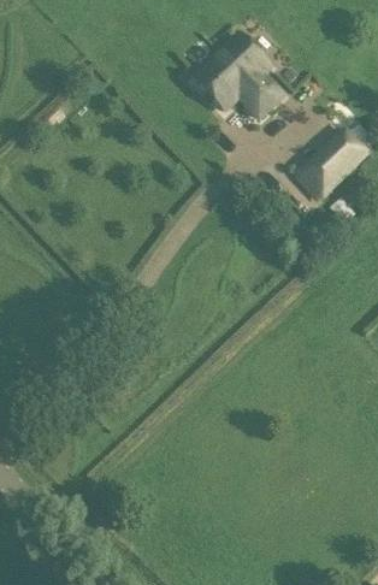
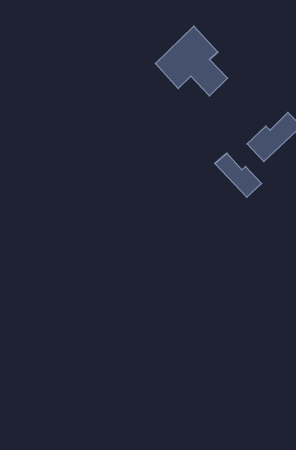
building: none -> [215,153,261,197]

